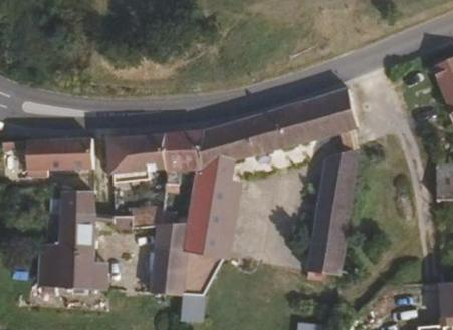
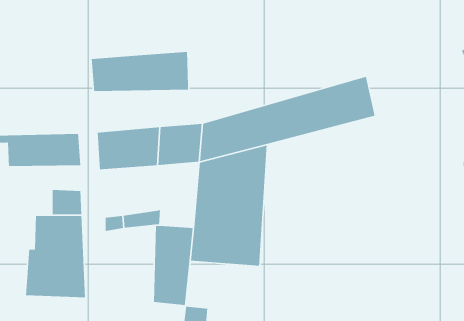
building: none -> [91,51,189,92]
building: [304,148,356,274] -> none

